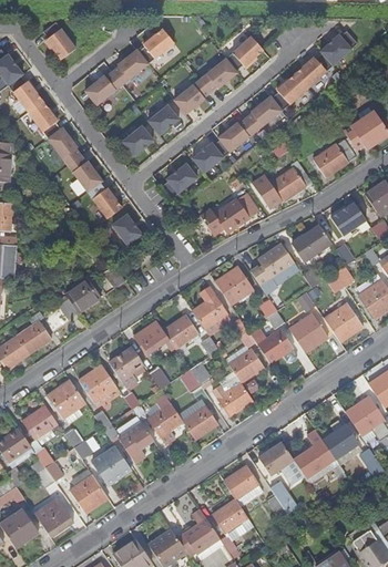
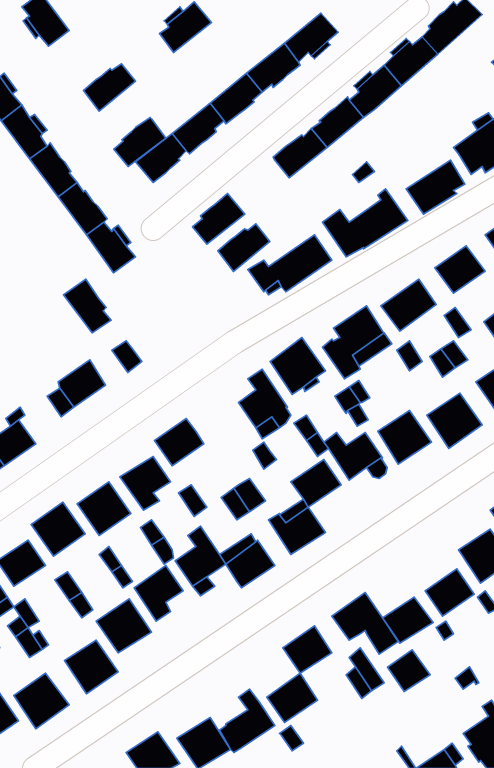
building: [111,50,147,84] -> [114,118,166,167]
building: [192,140,228,173] -> [218,224,270,271]
building: [110,213,143,250] -> [64,279,111,333]
building: [163,313,198,347] -> none
building: none -> [388,650,430,692]

